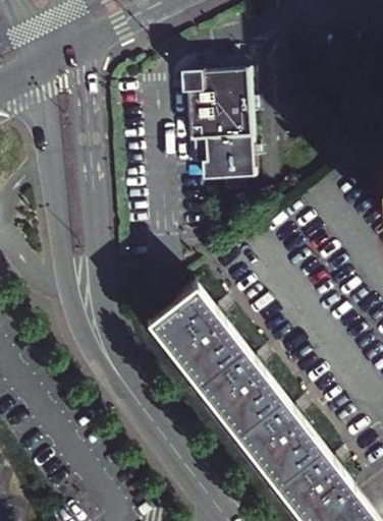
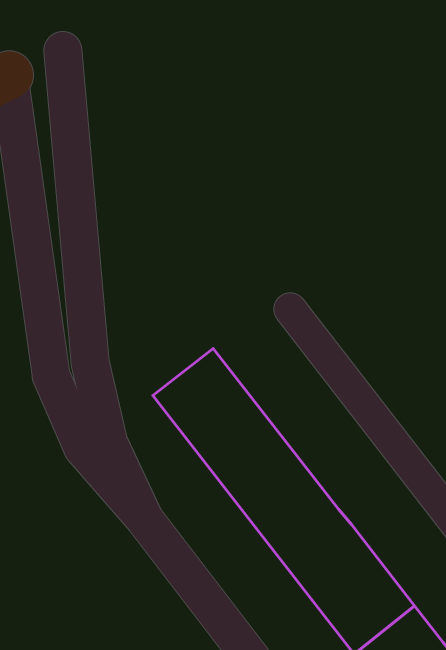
building: [185,68,257,192] -> none

